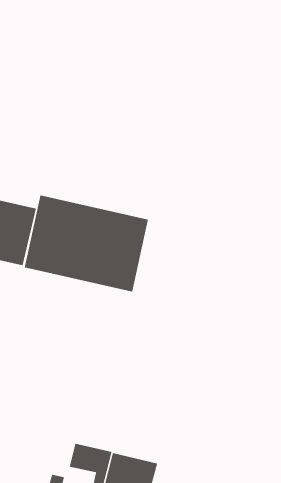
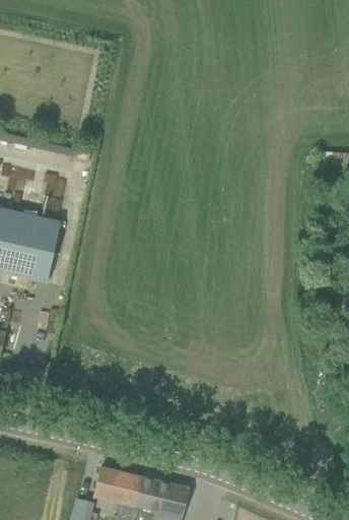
building: [24,195,149,292] -> none

